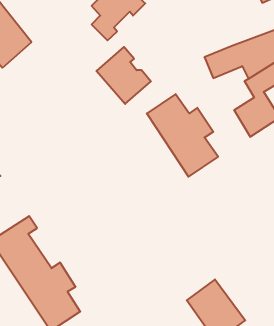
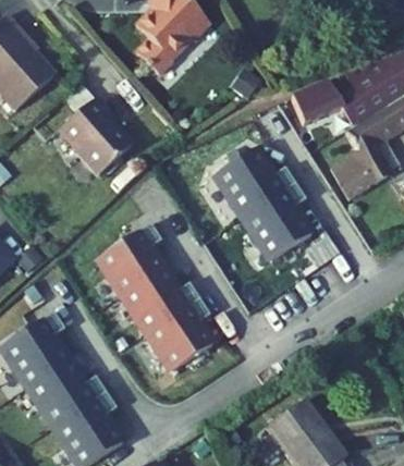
building: [96,47,151,104] -> [59,99,133,176]
building: none -> [96,223,211,369]

